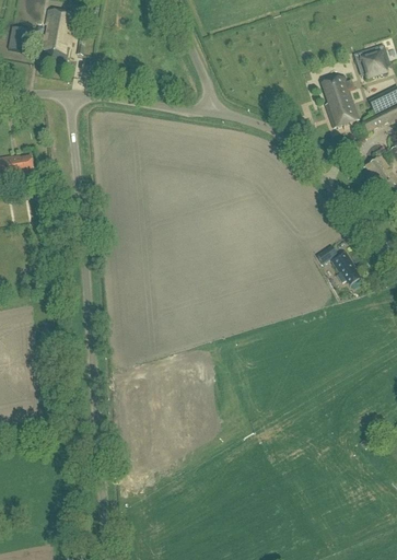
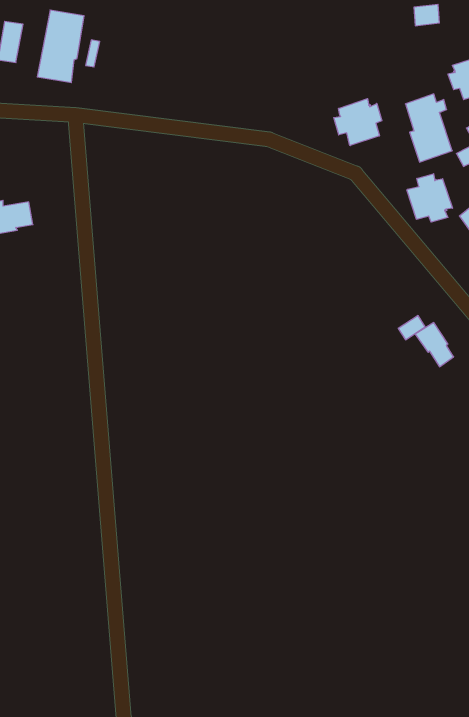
building: none -> [334,99,382,146]
building: none -> [407,174,452,222]

